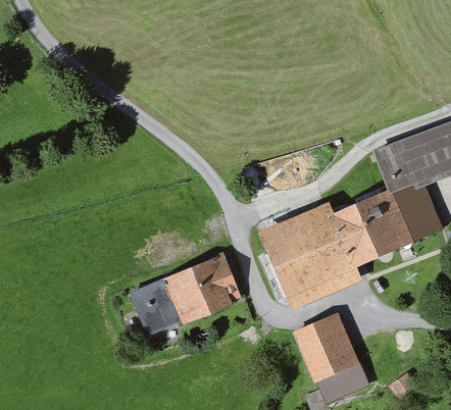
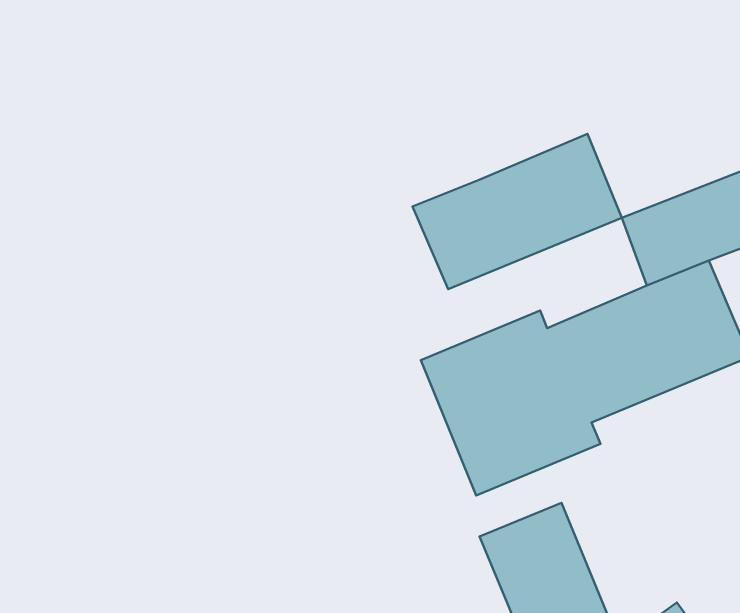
building: none -> [413,134,622,289]
building: [128,253,240,334] -> none

